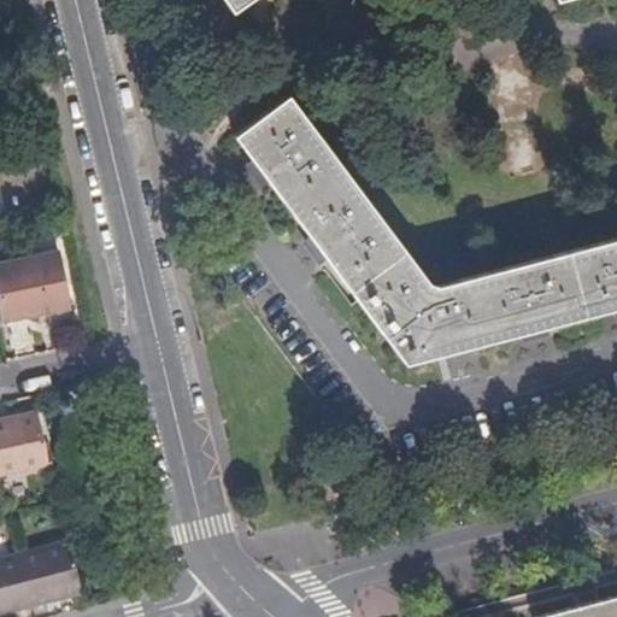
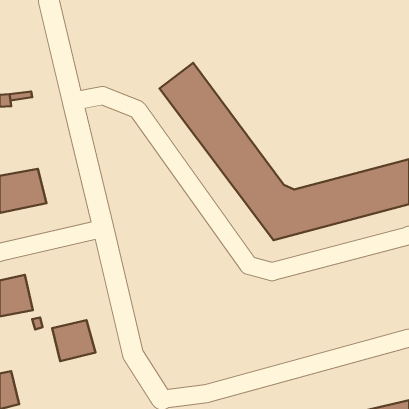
building: [17,547,82,609] -> [52,320,95,361]

